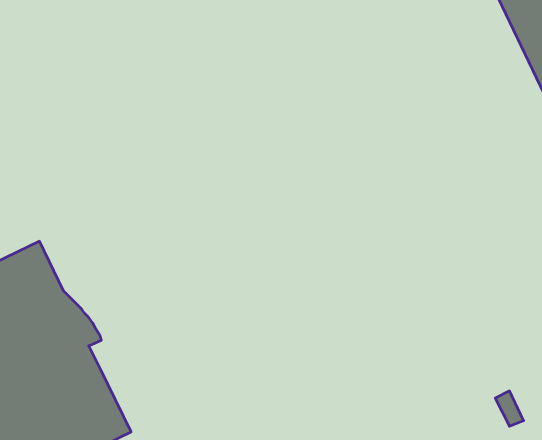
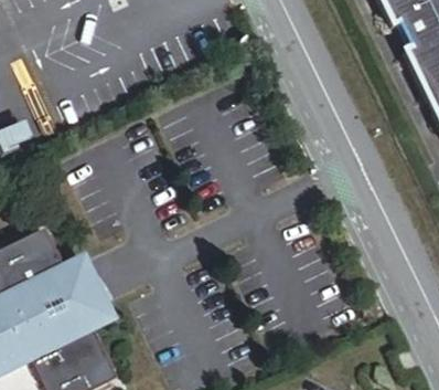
building: none -> [61,256,109,326]

